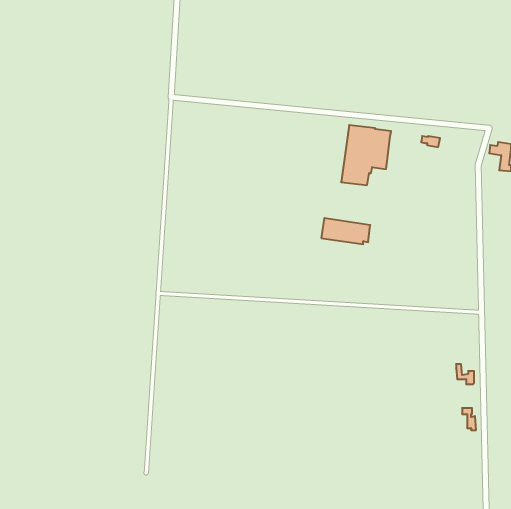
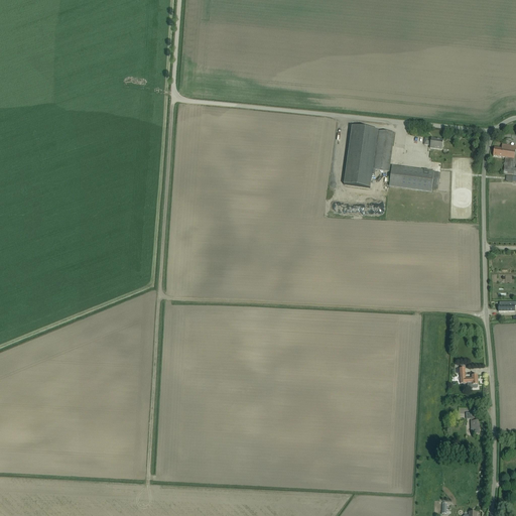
building: [321,218,370,244] -> [389,164,438,190]

